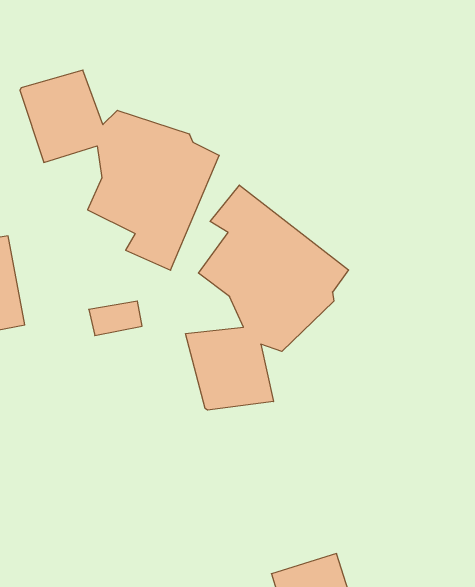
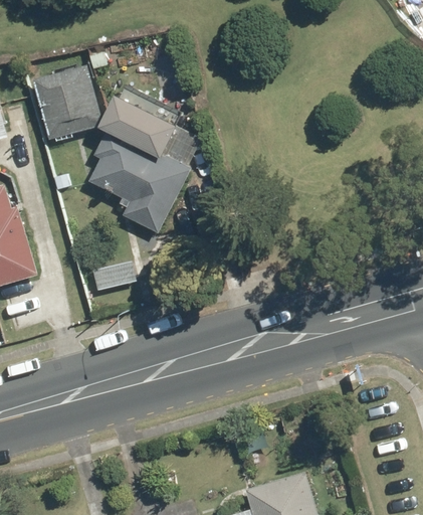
building: [186,185,349,410] -> none

